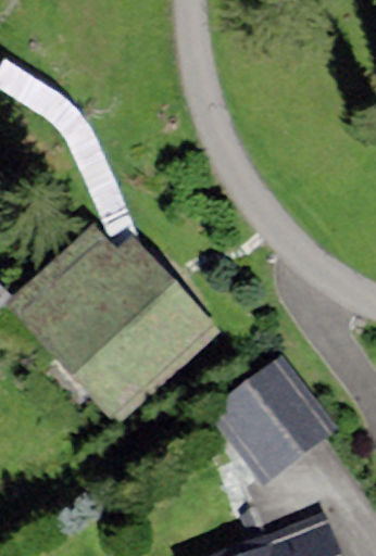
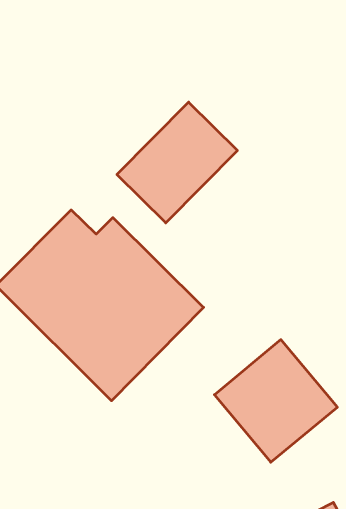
building: none -> [117,102,237,223]

